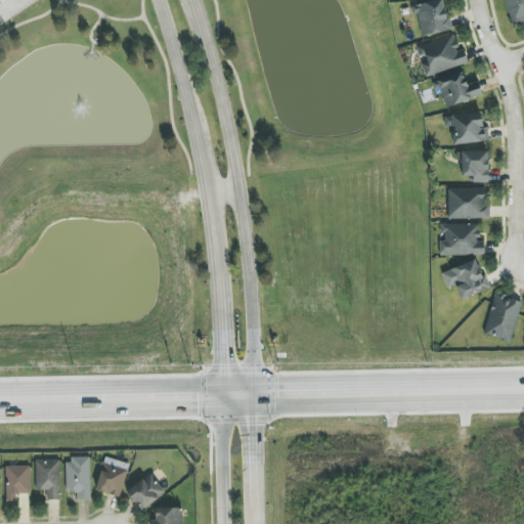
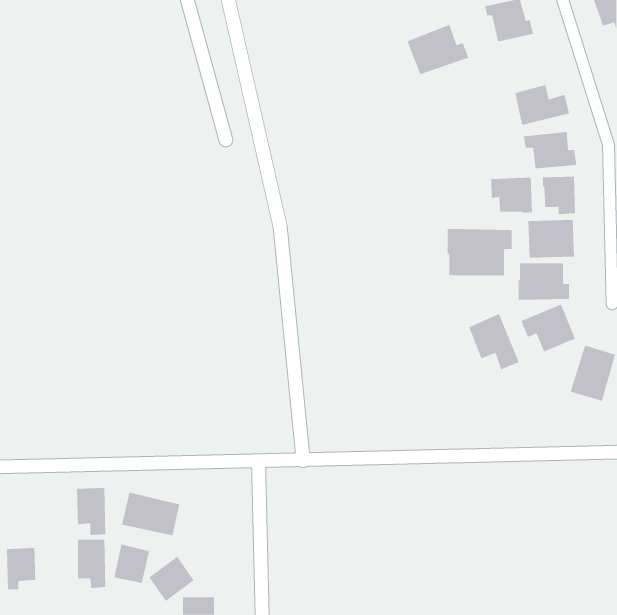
building: [416,33,469,76] -> [406,24,469,75]
building: none -> [491,177,533,214]
building: none -> [447,228,512,276]
building: none -> [468,313,519,370]
building: none -> [122,492,180,536]
building: [35,458,60,499] -> [76,487,106,536]

